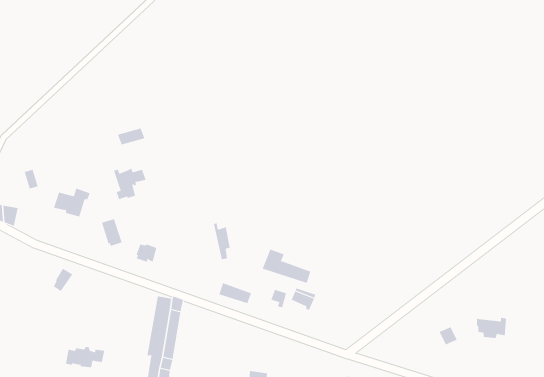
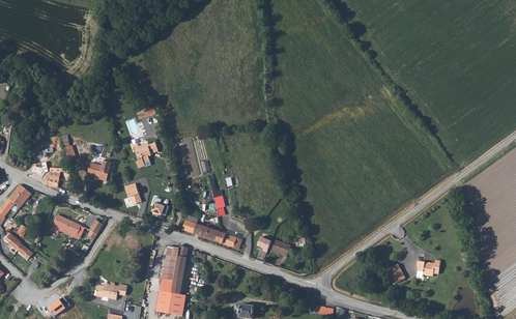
building: [262,249,311,284] -> [180,214,219,241]
building: none -> [51,214,84,240]

